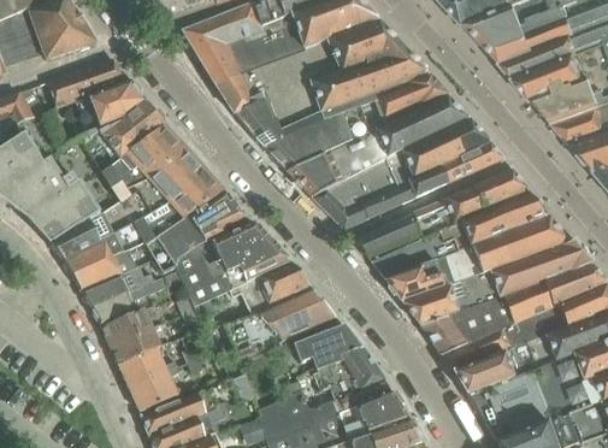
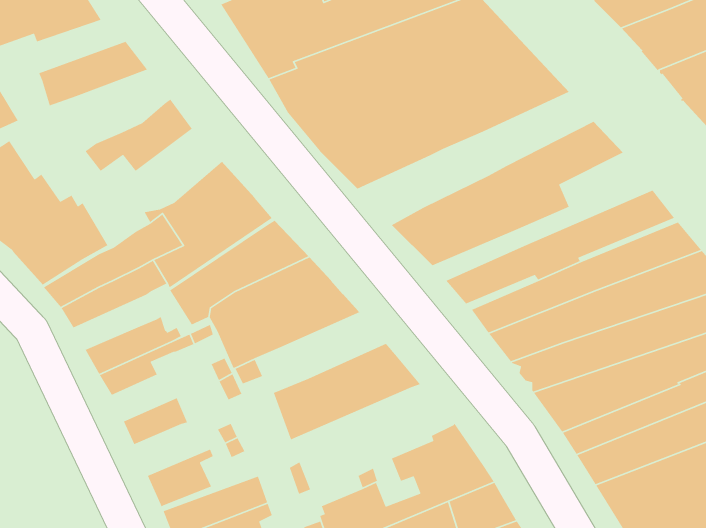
building: [76,79,147,135] -> none
building: [288,96,466,196] -> none
building: [102,125,185,201] -> none
building: [441,142,502,183] -> none
building: [73,249,136,290] -> none
building: [230,263,309,312] -> none
building: [102,307,152,344] -> none
building: [294,324,360,373] -> none
building: [119,347,177,385] -> none

